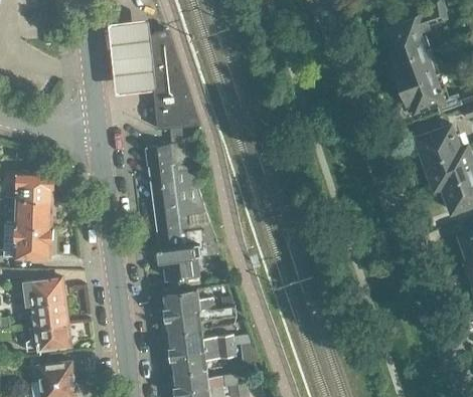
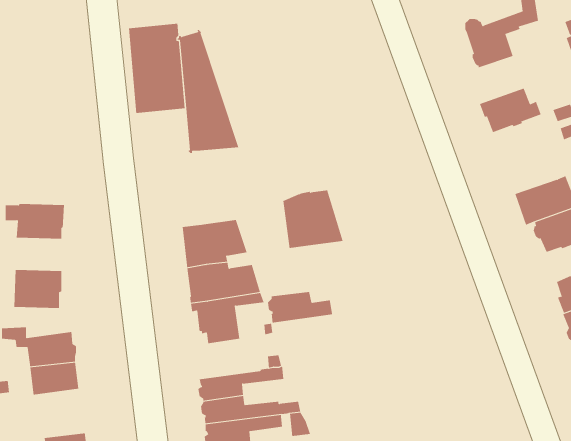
building: [389,50,434,89] -> none
building: [415,126,461,164] -> none
building: [146,143,196,191] -> [283,190,344,248]
building: [13,200,54,227] -> none
building: [161,290,215,317] -> [267,291,333,323]
building: [25,325,69,352] -> none

